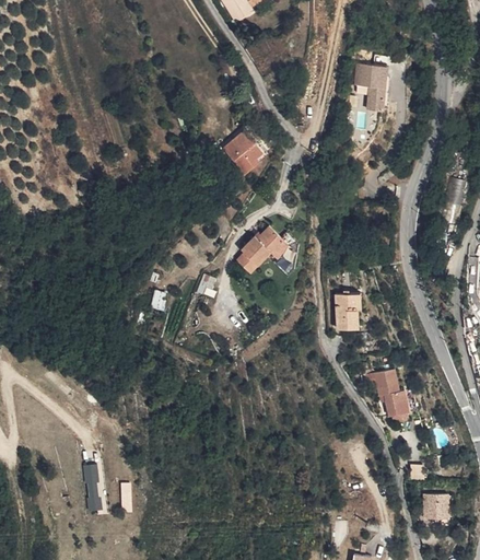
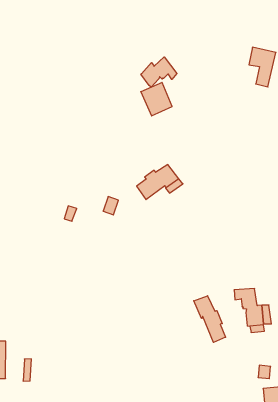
building: none -> [141,57,177,87]
building: [333,290,361,328] -> none
building: none -> [194,296,226,342]

